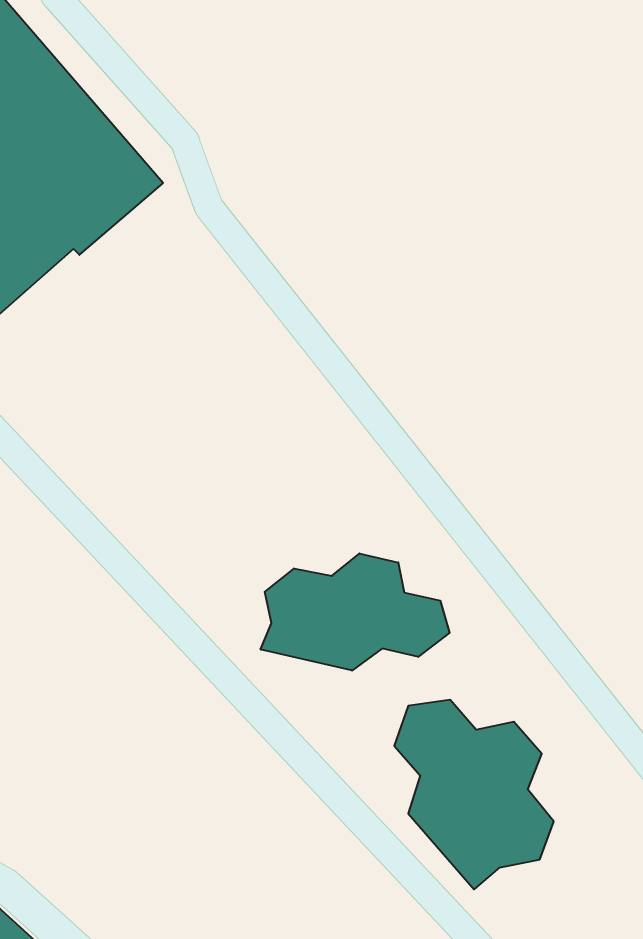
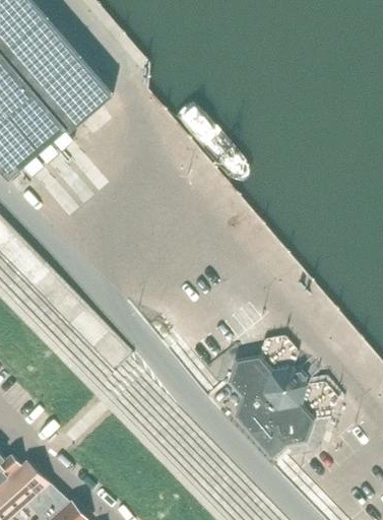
building: [261,553,450,671] -> none

